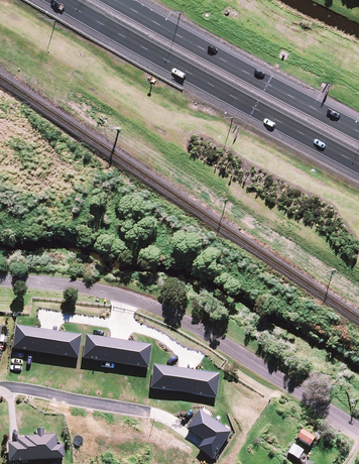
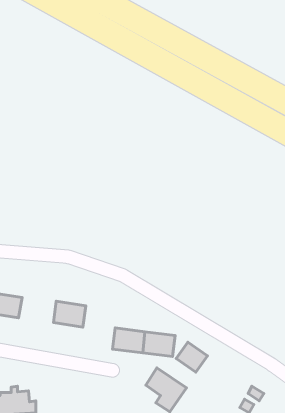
building: [45,330,82,357] -> none
building: [116,339,152,366] -> none
building: none -> [176,342,207,372]

